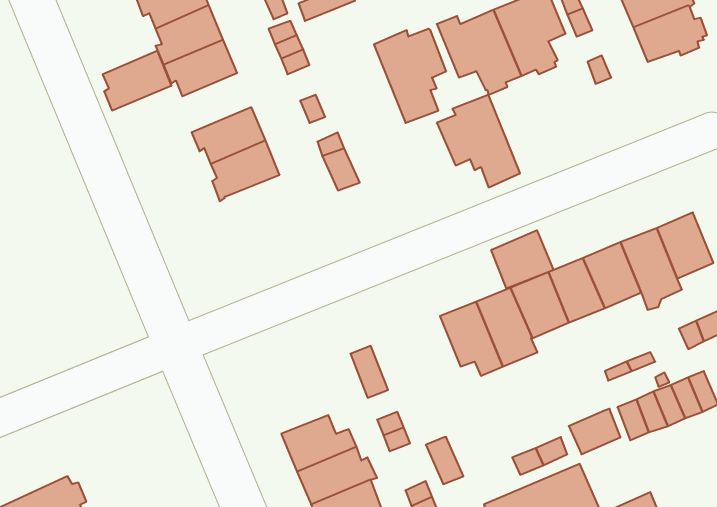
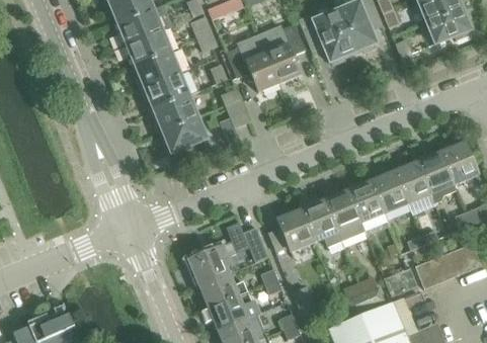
building: [103,51,172,110] -> [135,51,179,89]
building: [437,95,520,187] -> [225,32,278,92]
building: none -> [162,116,207,156]
building: [491,230,553,288] -> none
building: none -> [276,207,314,250]
building: none -> [188,241,236,283]

